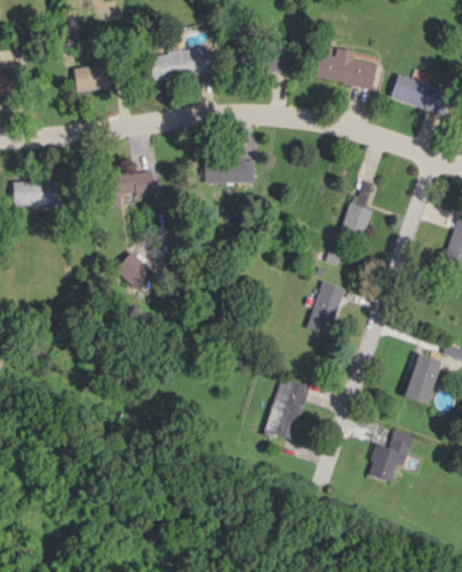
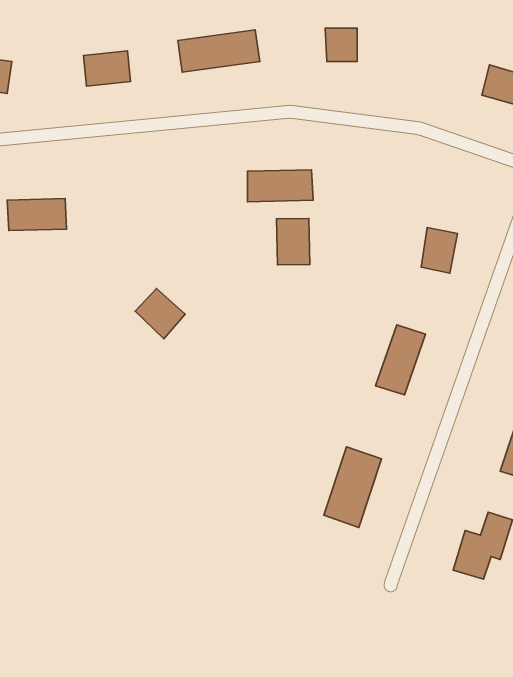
building: [311,48,376,89] -> none
building: [109,172,154,207] -> none
building: none -> [276,219,310,265]

